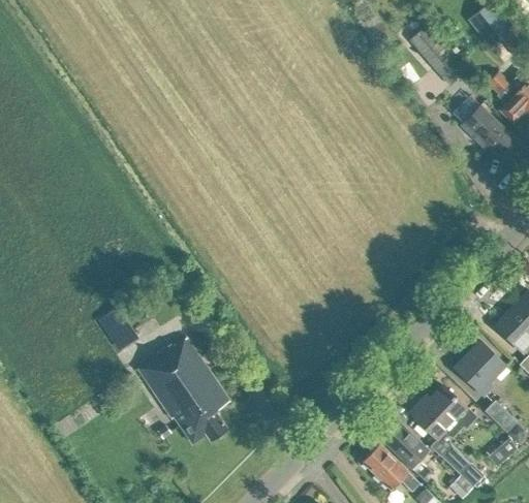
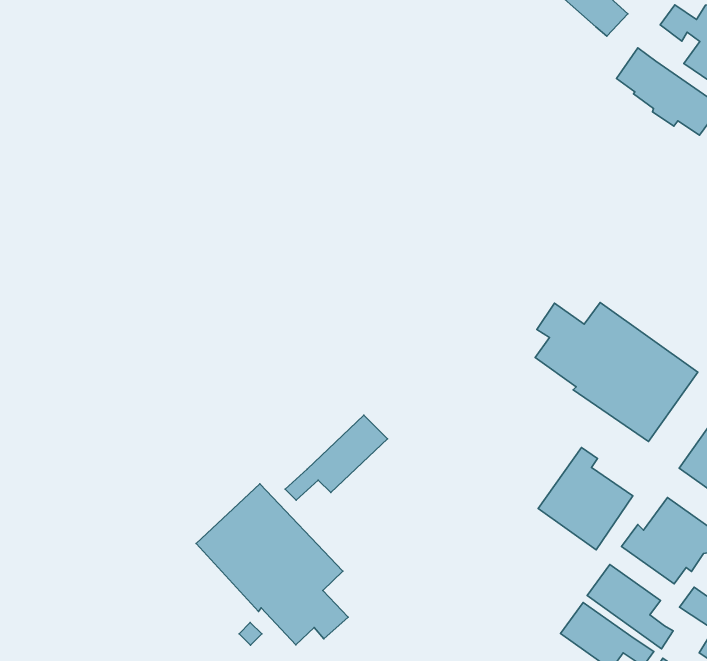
building: none -> [535,302,698,442]
building: none -> [285,415,387,500]
building: none -> [538,448,633,550]

